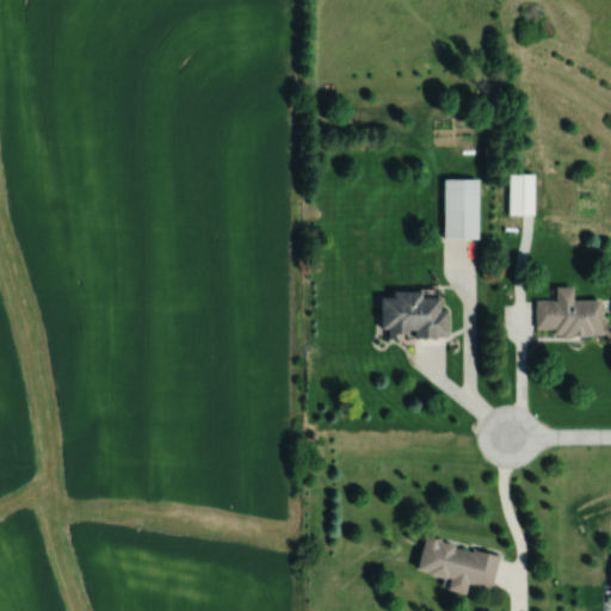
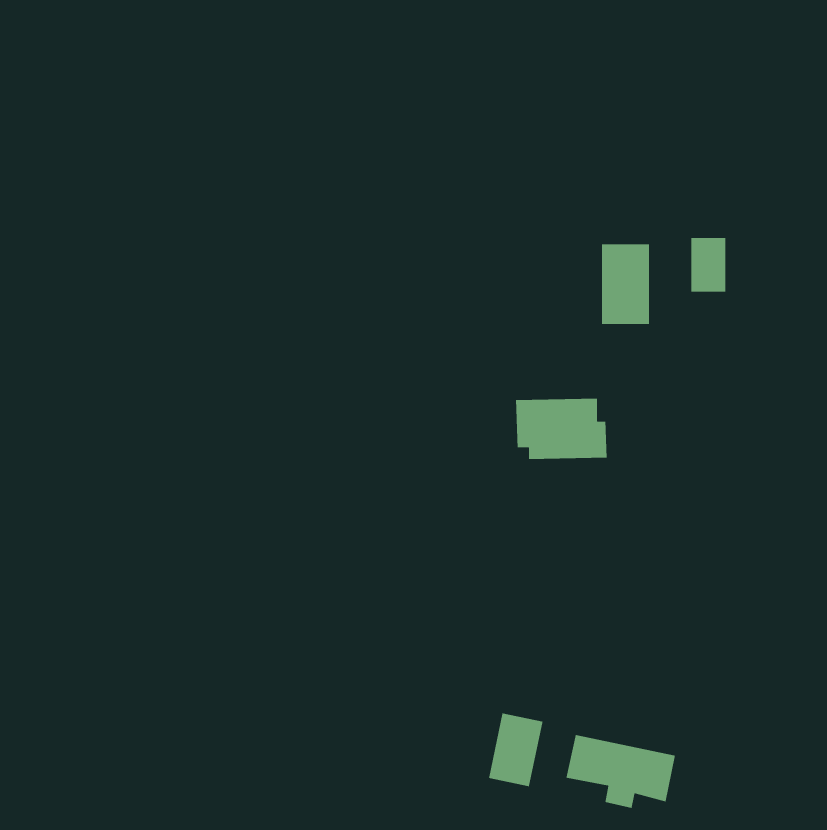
building: [537,286,601,335] -> none
building: none -> [488,713,543,787]

